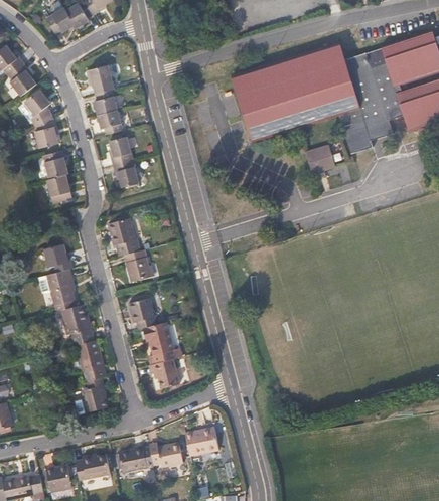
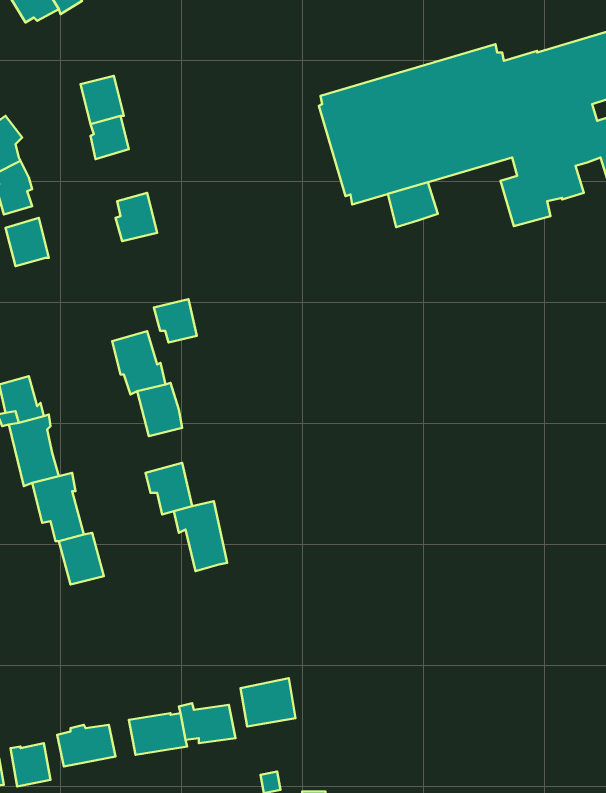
building: [98,109,124,134] -> none
building: [305,147,335,174] -> [388,182,438,227]
building: [114,159,140,185] -> [154,299,197,343]
building: [47,174,72,203] -> none
building: [149,359,178,389] -> none
building: [81,377,107,412] -> none

